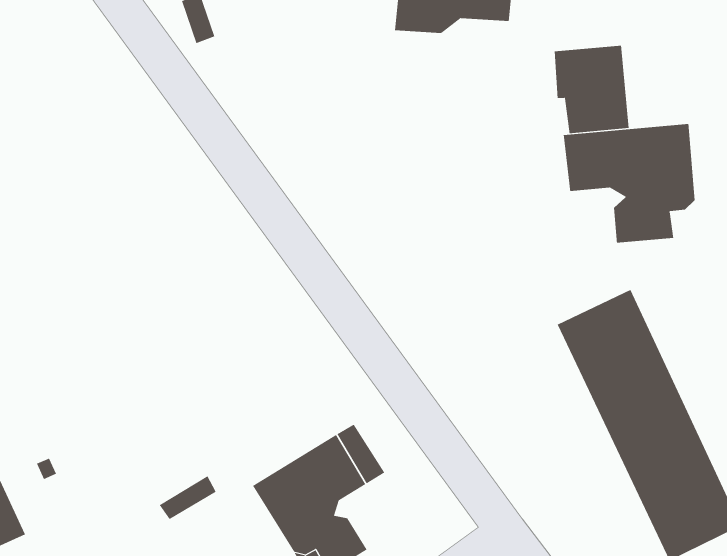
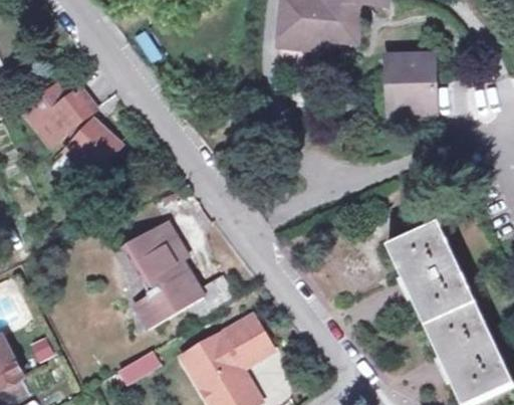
building: none -> [23,83,118,173]
building: [563,123,695,244] -> none
building: none -> [126,223,235,329]

